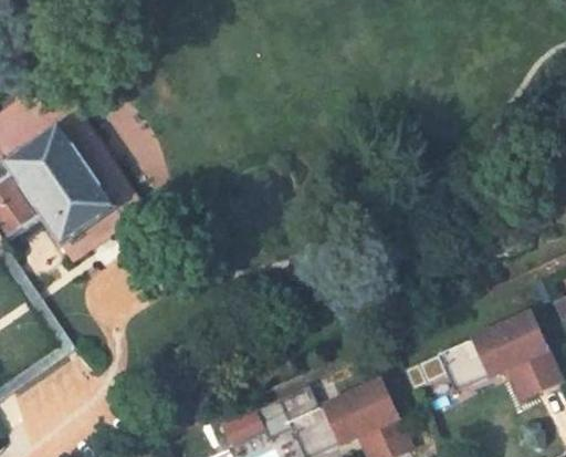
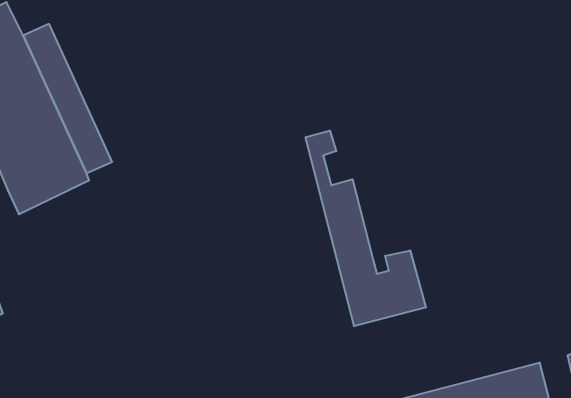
building: none -> [306,131,426,326]

